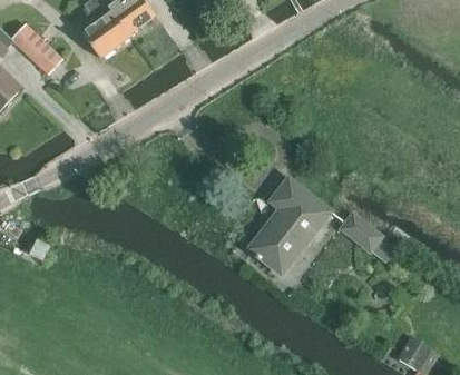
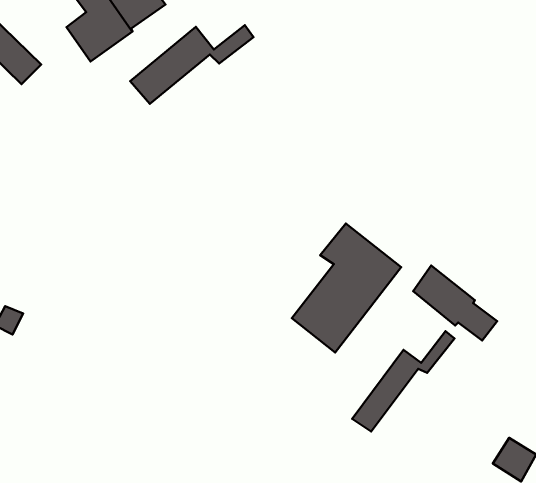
building: none -> [130,25,254,104]
building: none -> [352,331,454,432]

